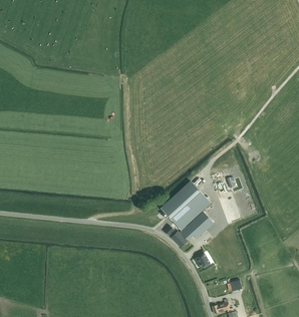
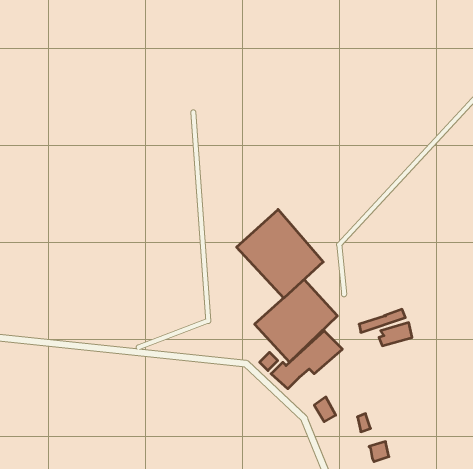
building: none -> [237,209,323,298]

